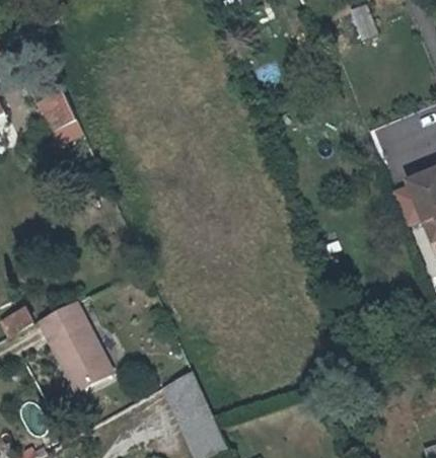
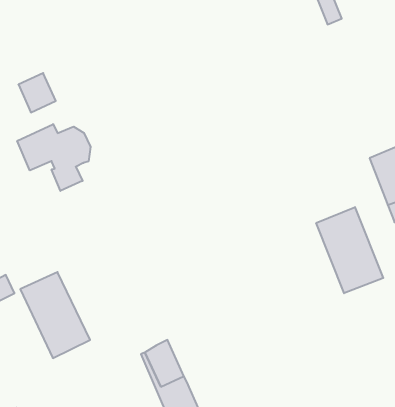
building: none -> [17,124,90,191]
building: none -> [316,207,383,293]

